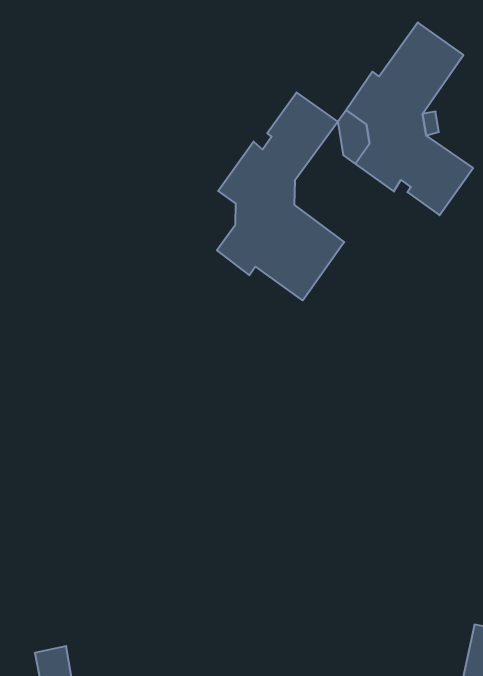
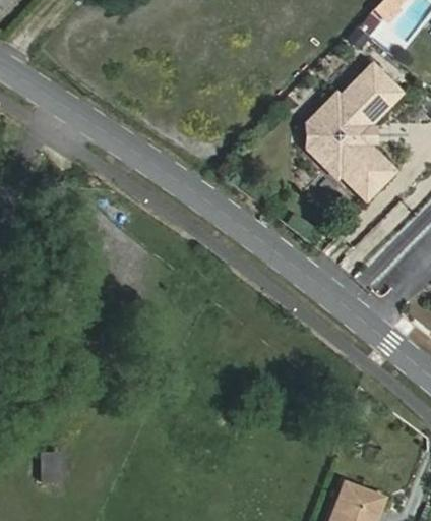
building: [217,92,344,300] -> none

